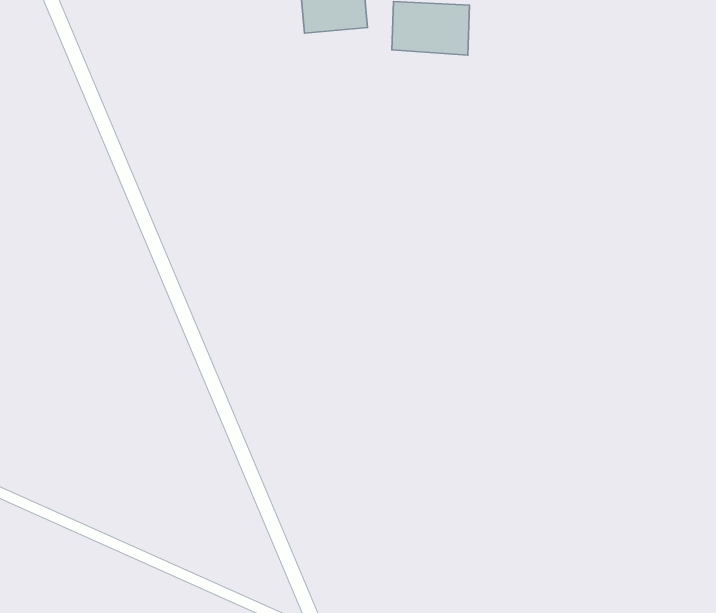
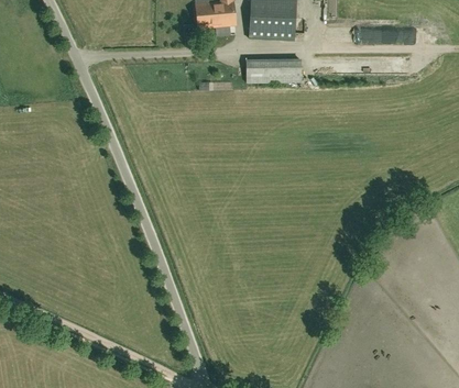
building: none -> [244,58,298,81]

